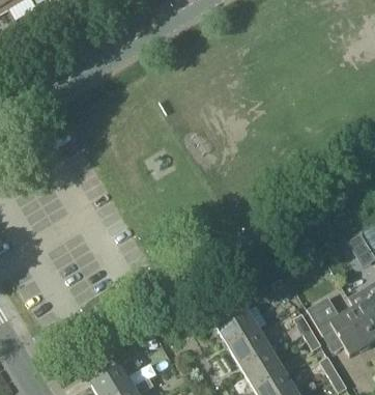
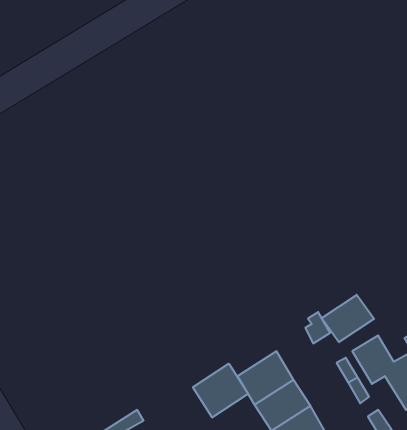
building: none -> [322,295,374,342]
building: none -> [193,364,248,418]

